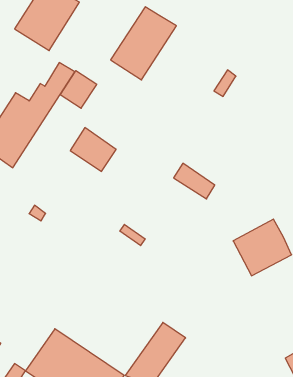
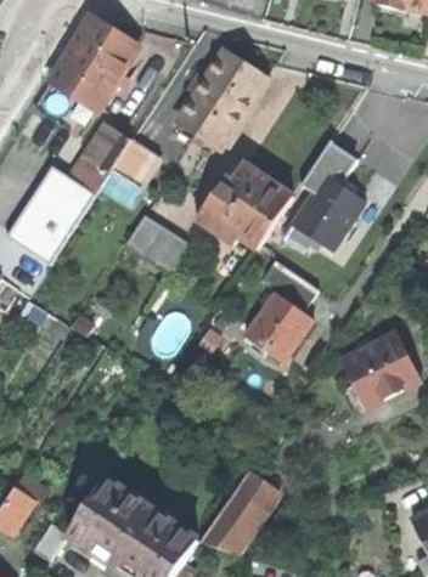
building: none -> [196,164,293,249]
building: none -> [292,176,364,250]
building: none -> [244,292,312,361]

